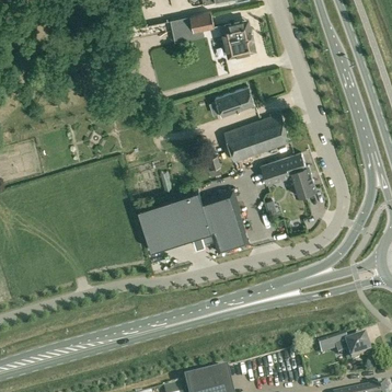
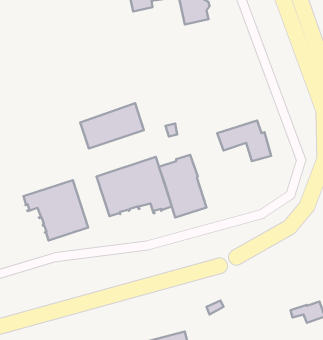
building: [214,84,254,115] -> none
building: [224,113,289,159] -> [80,103,144,148]
building: none -> [23,180,88,241]

